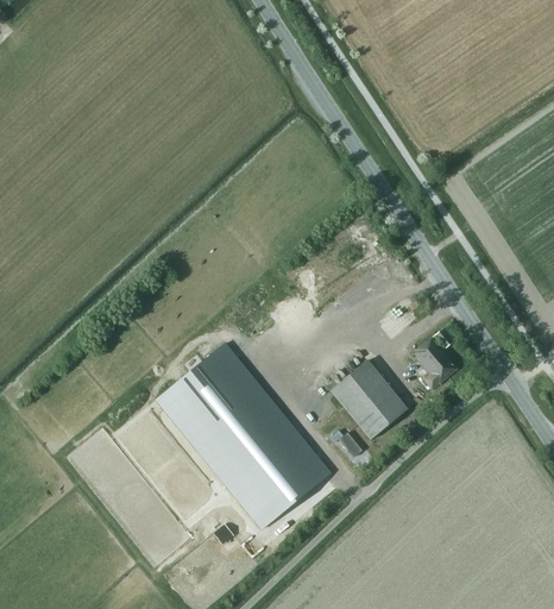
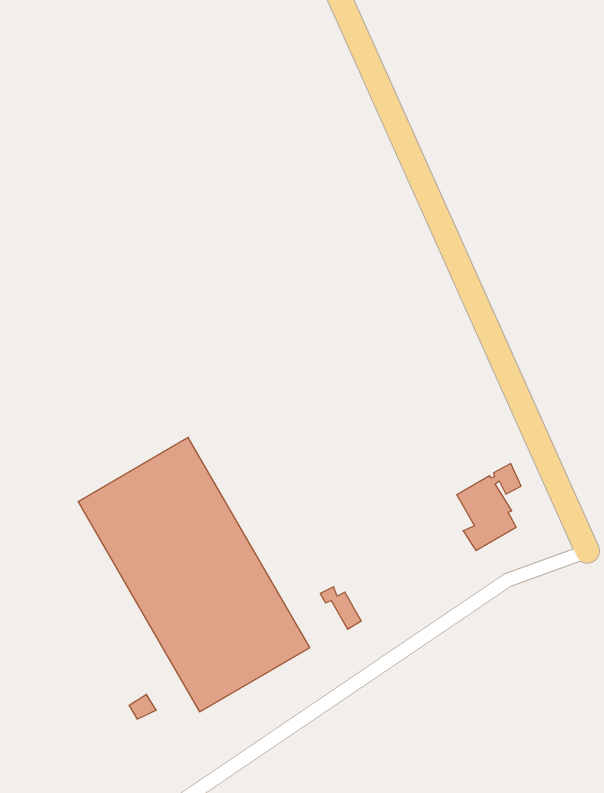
building: [330,359,408,440] -> none

